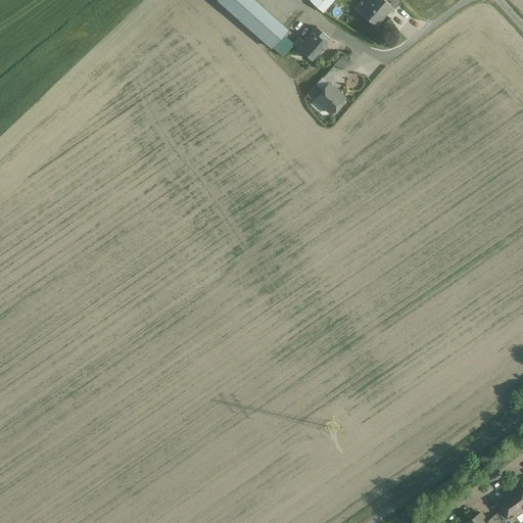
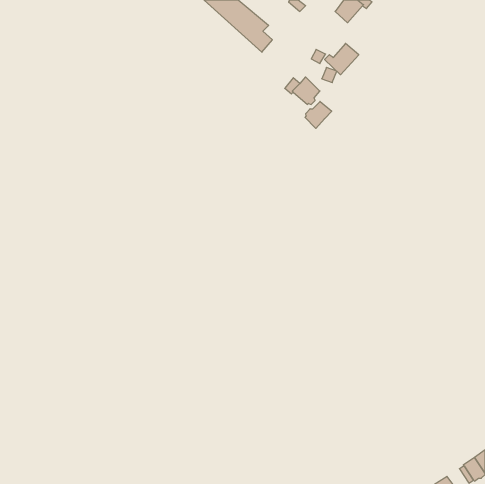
building: [293,27,330,60] -> [325,43,359,75]
building: none -> [305,101,332,128]

